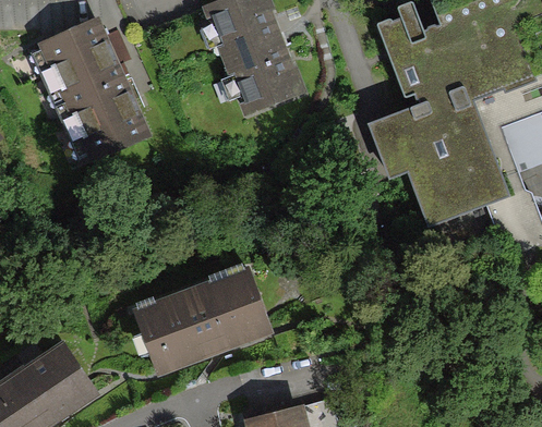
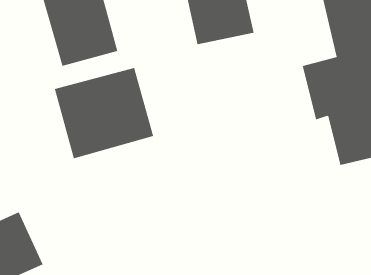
building: none -> [54,67,154,159]
building: [121,278,274,385] -> none

